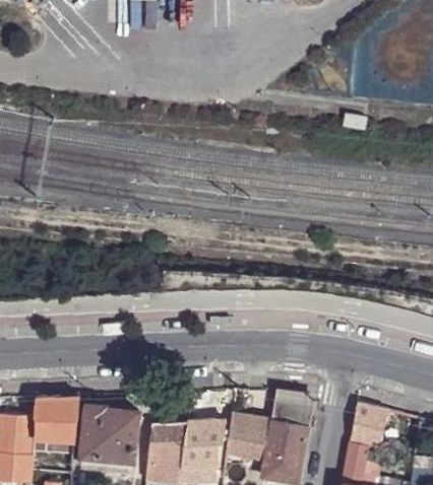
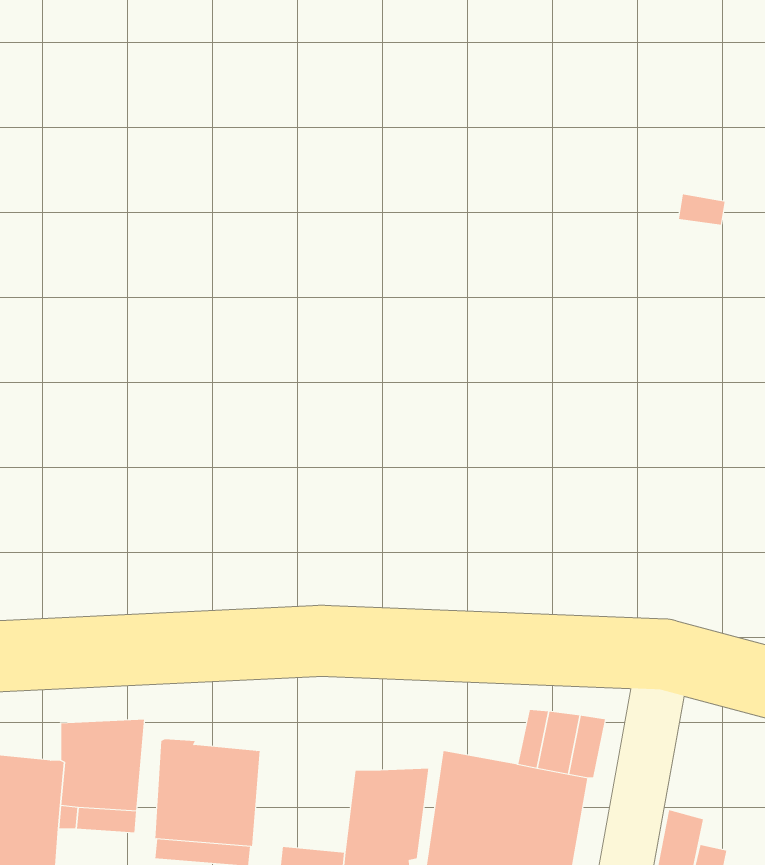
building: [350,402,386,449] -> none
building: [149,421,187,464] -> none

